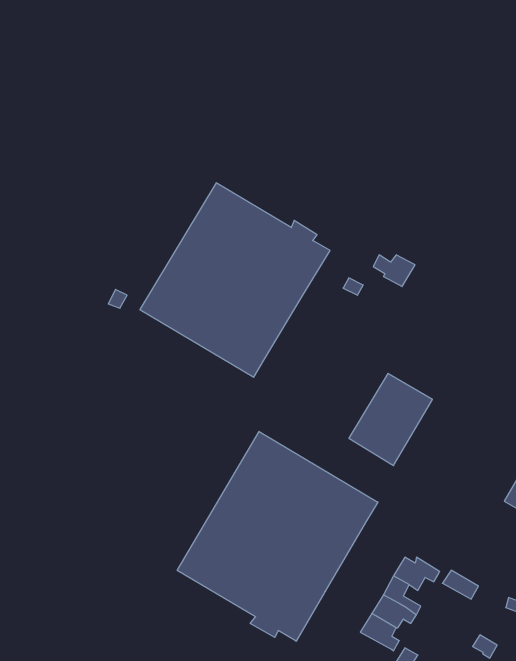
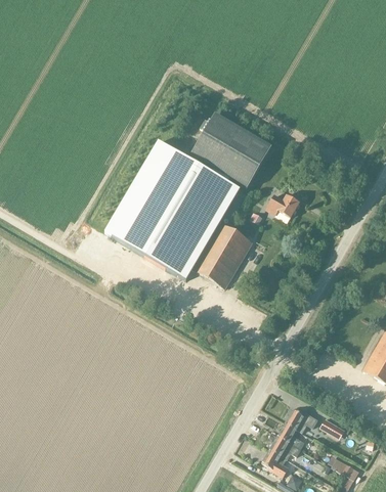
building: none -> [191,115,271,188]
building: [349,373,432,466] -> [192,222,252,287]
building: [177,431,378,641] -> none

